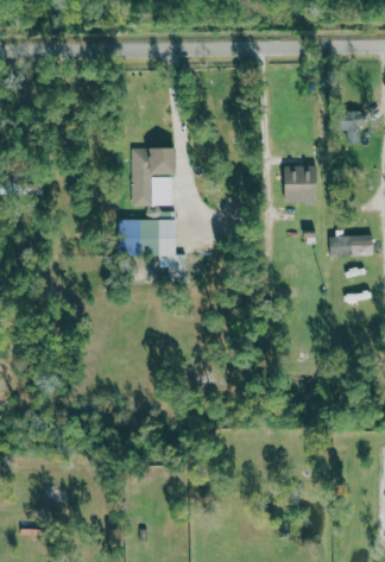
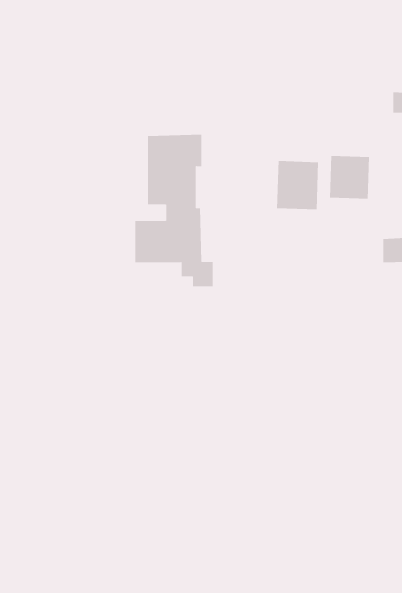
building: none -> [277,160,319,210]

